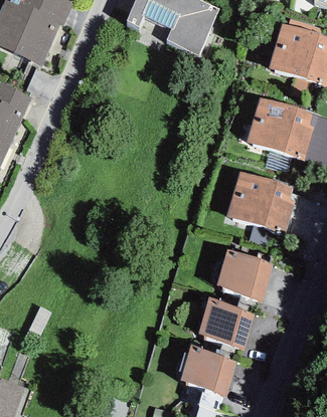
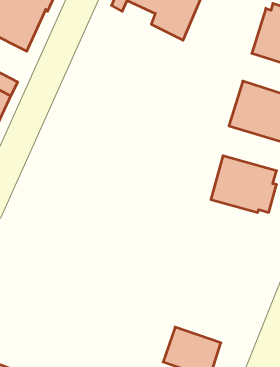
building: [215,248,272,301] -> none
building: [197,296,254,350] -> none

